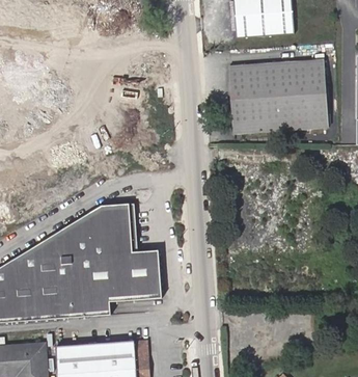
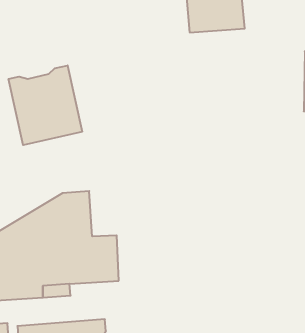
building: [228,59,327,132] -> none
building: none -> [9,65,82,145]

